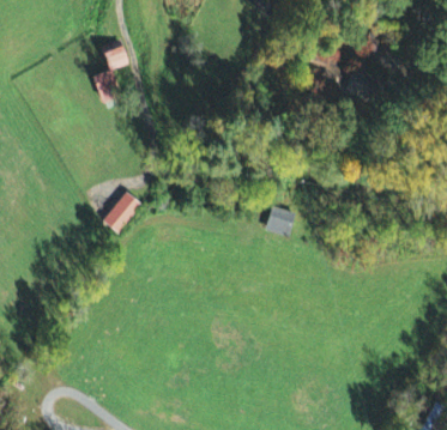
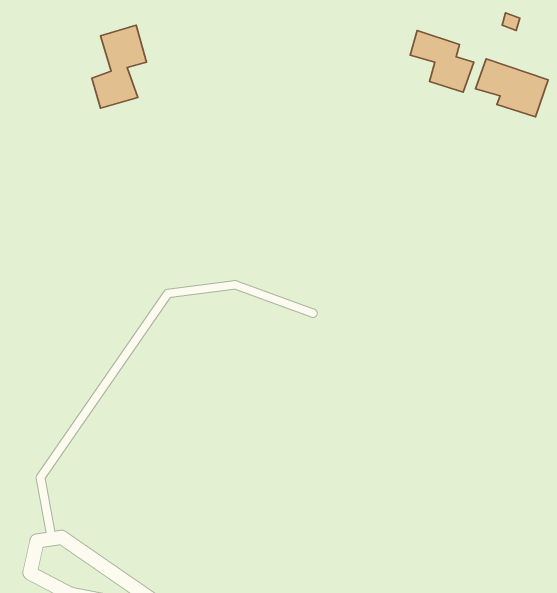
building: [105,190,145,231] -> none
building: [266,204,296,232] -> none

